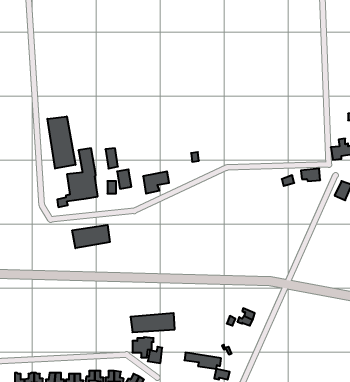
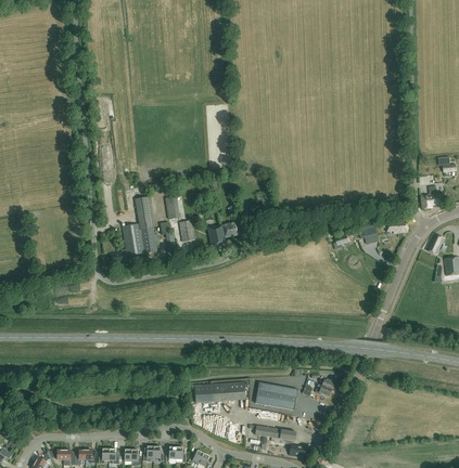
building: [47,116,75,169] -> none
building: [72,225,110,248] -> none
building: none -> [256,382,298,409]

